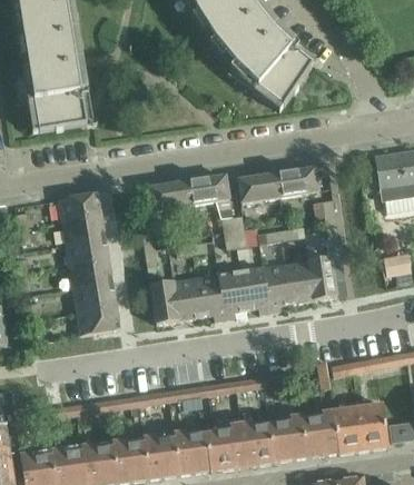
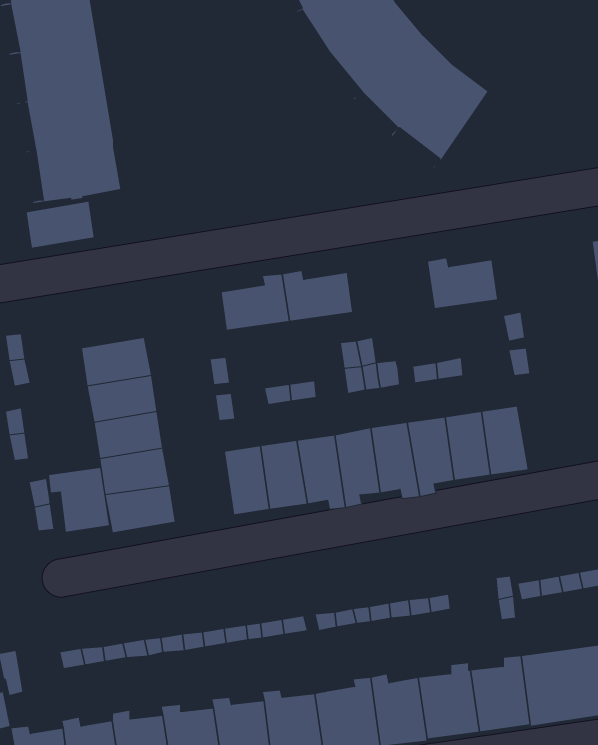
building: [237,167,279,201] -> none
building: [59,191,101,220] -> [26,201,95,248]
building: none -> [48,467,109,533]

